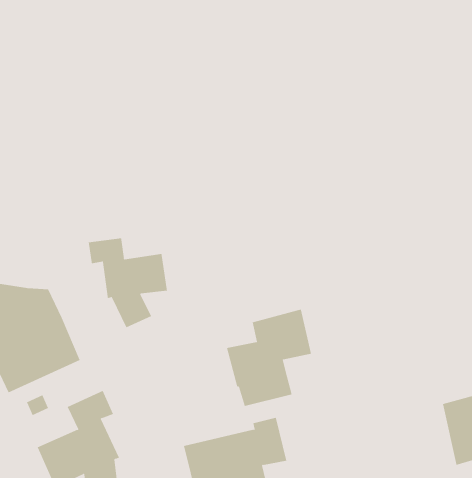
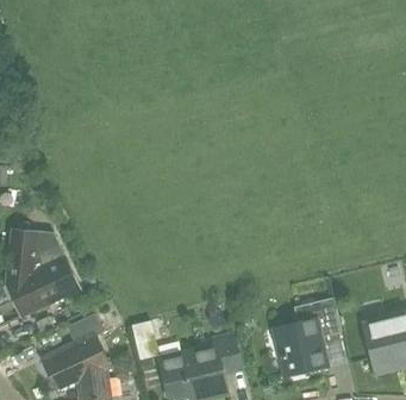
building: [88,237,168,328] -> none
building: [226,309,312,407] -> [274,296,342,374]

